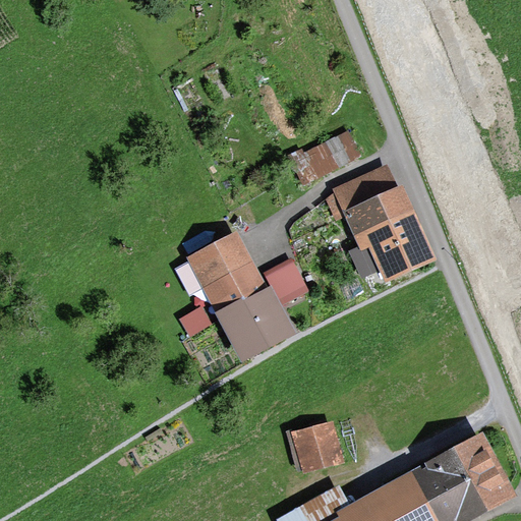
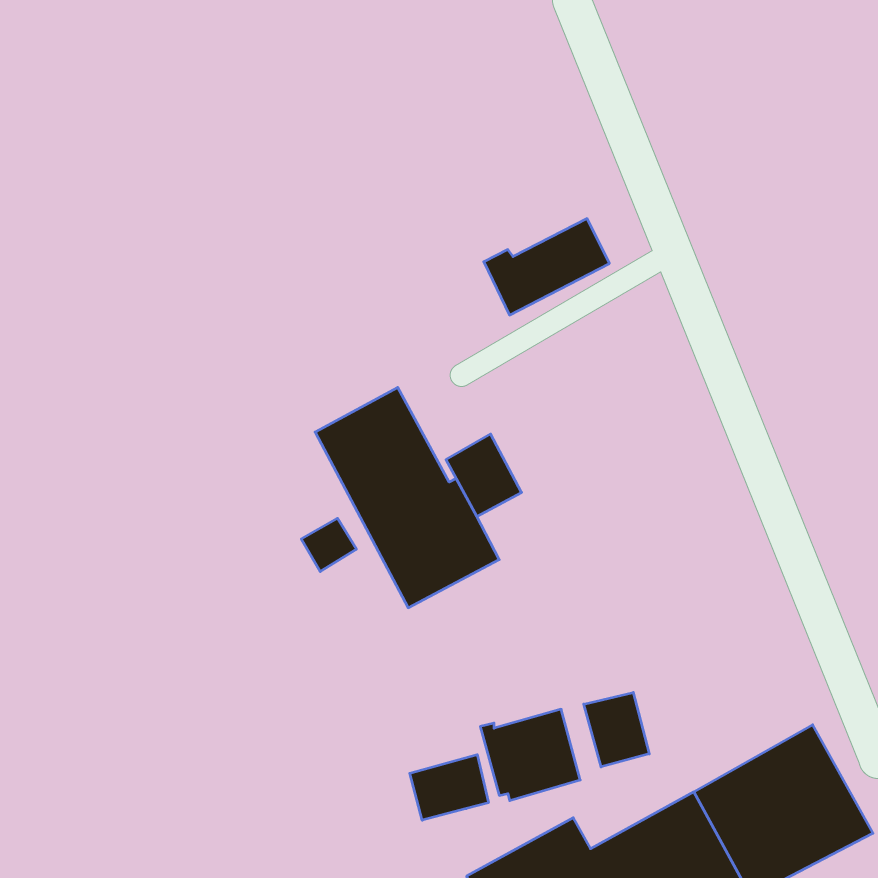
building: [325,164,437,283] -> none
building: none -> [584,692,649,767]
building: none -> [410,755,488,820]

